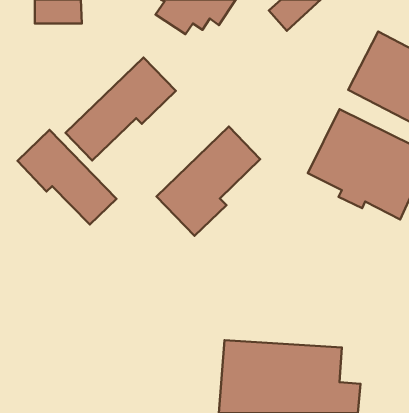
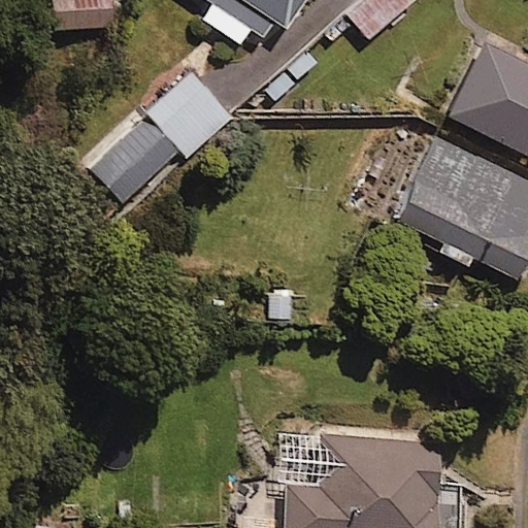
building: [157,127,260,236] -> none
building: [17,130,116,225] -> none

